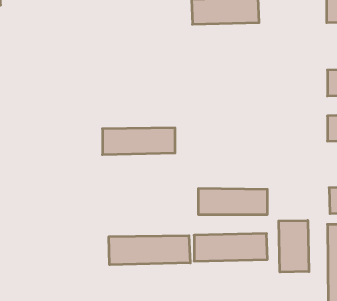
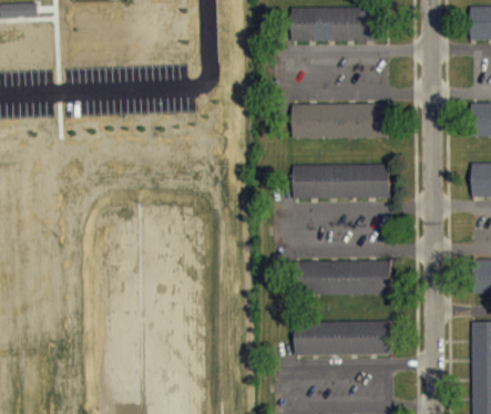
building: none -> [291,103,388,138]
building: [102,128,175,155] -> [293,164,389,199]
building: [279,220,309,272] -> none
building: [109,236,190,265] -> none

